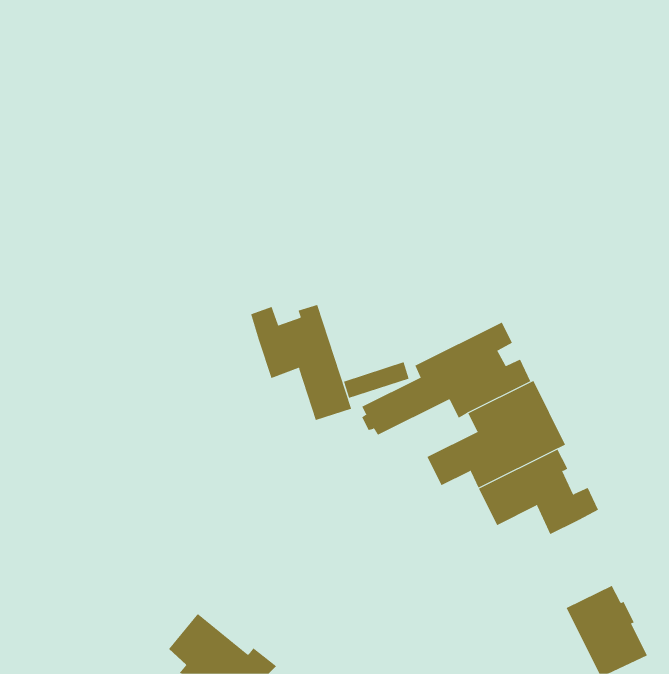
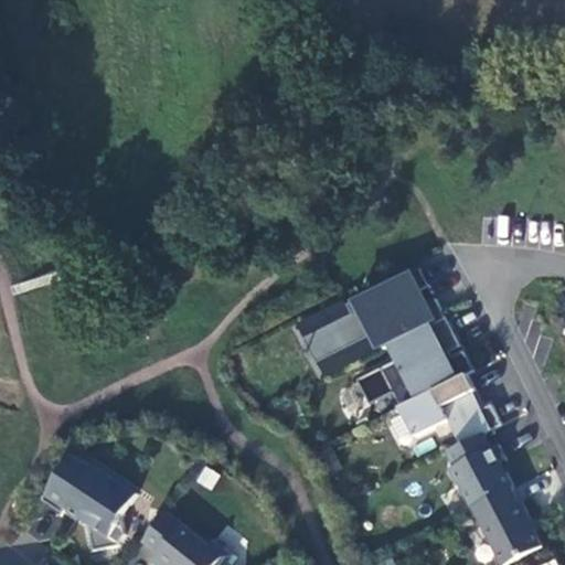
building: [250,304,352,421] -> none
building: none -> [446,434,510,508]
building: none -> [41,455,136,551]

